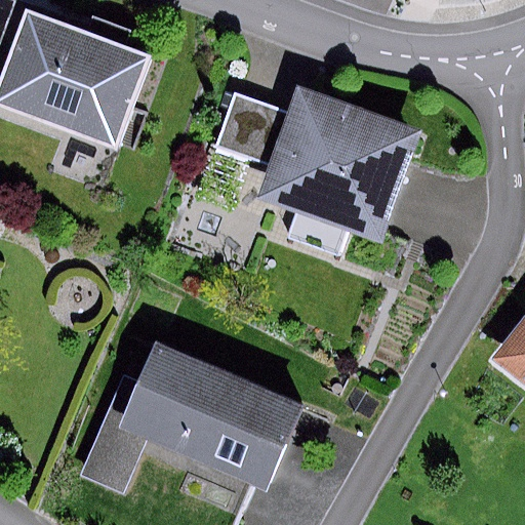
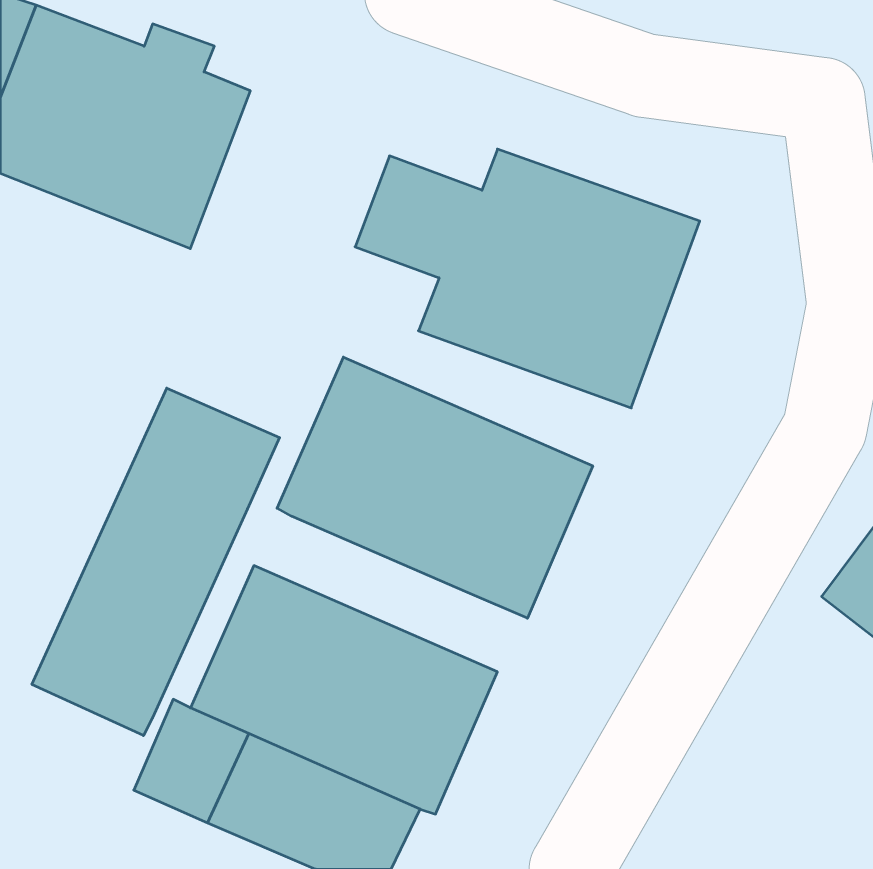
building: none -> [277,357,593,618]
building: none -> [32,388,280,736]

